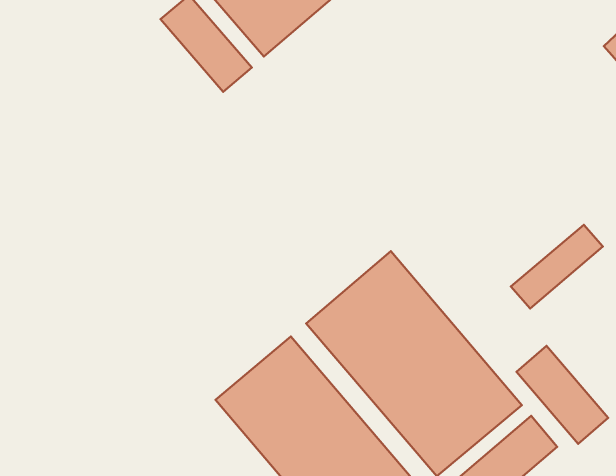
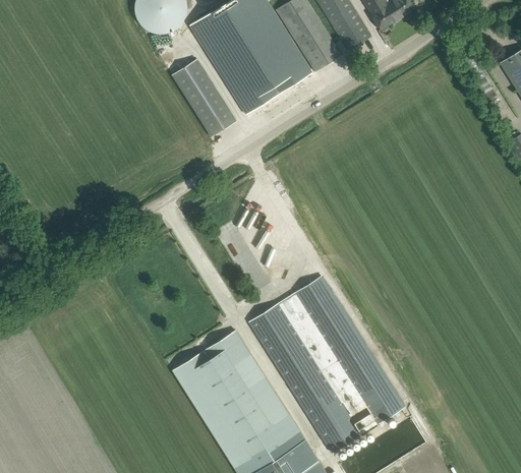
building: [511,225,603,308] -> none
building: [517,346,608,444] -> none

